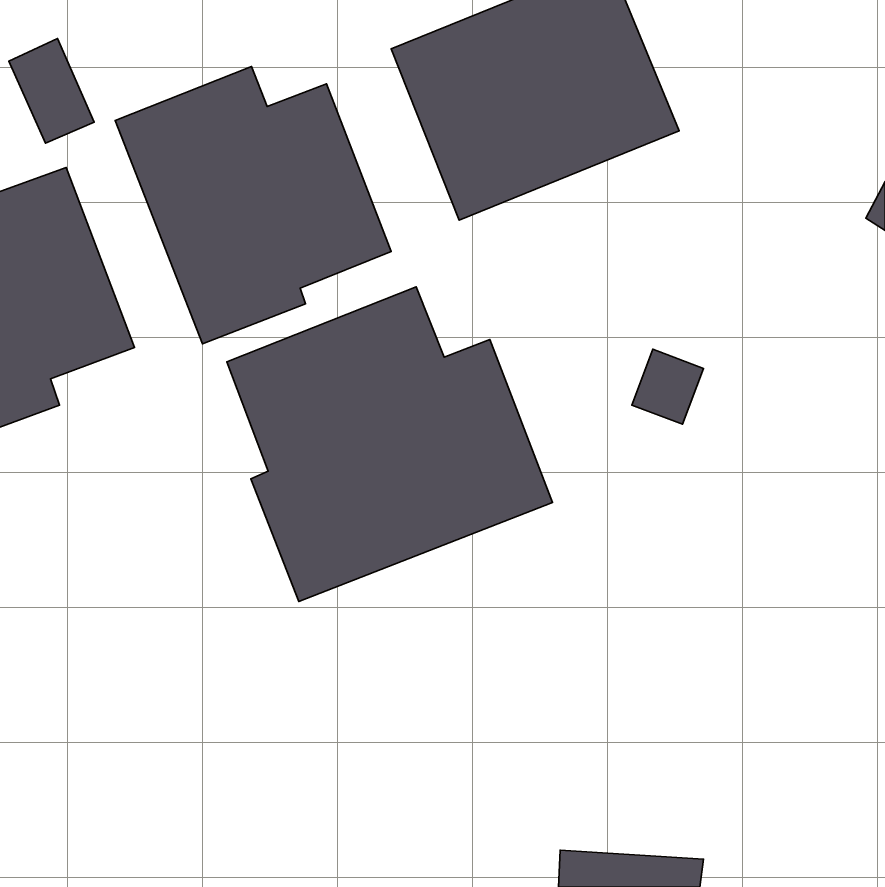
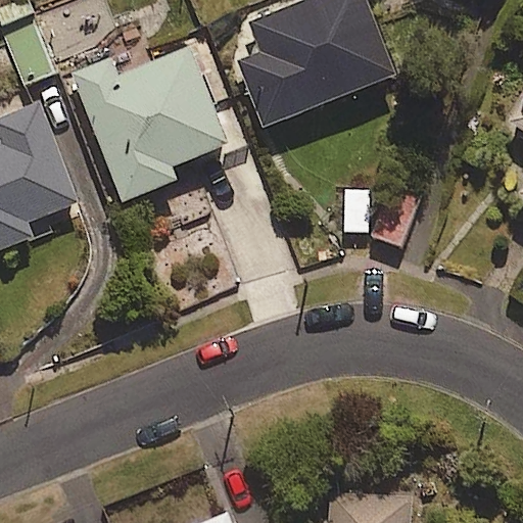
building: [227,287,552,601] -> none

